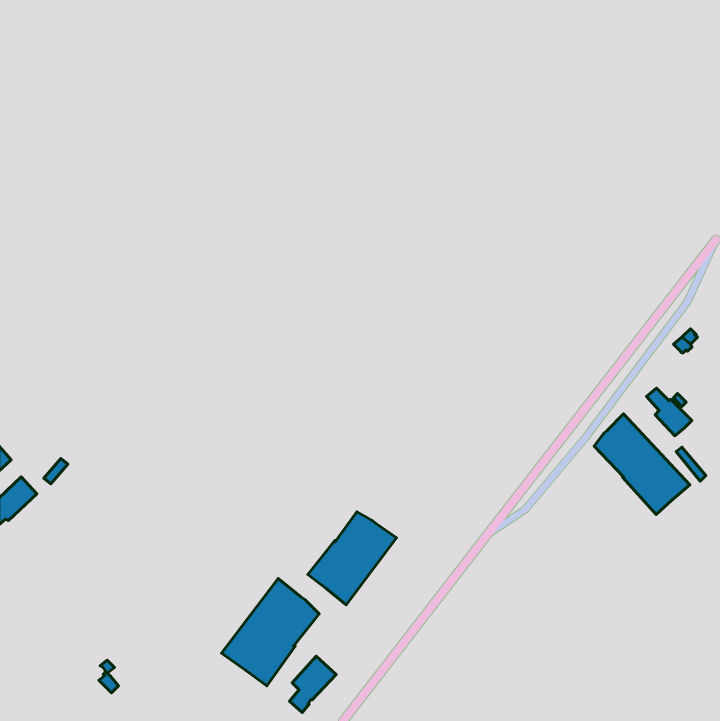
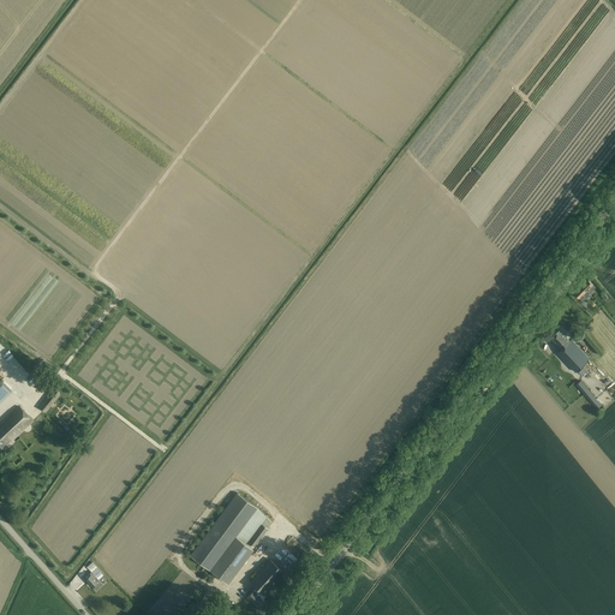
building: [594,414,690,515] -> none
building: [308,512,397,605] -> none

